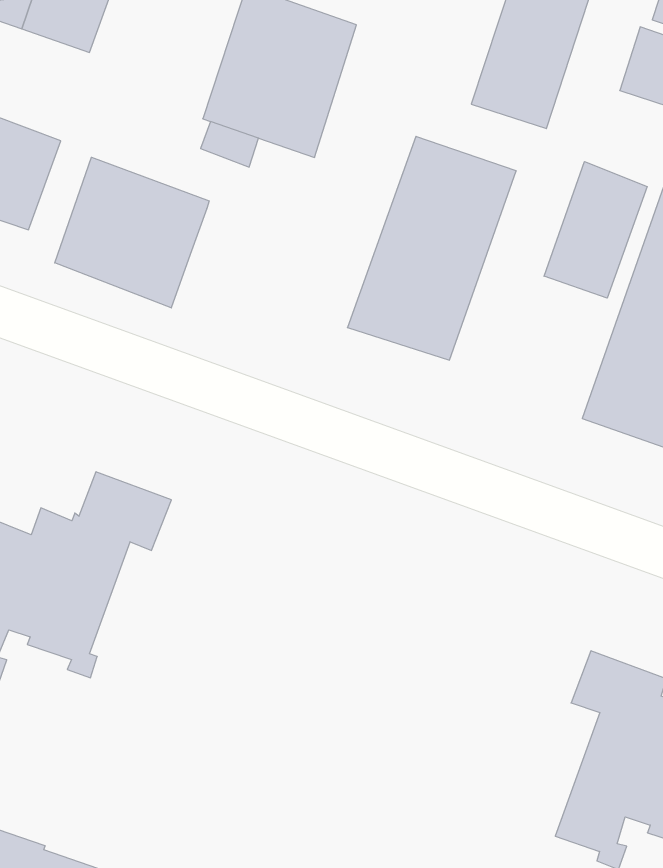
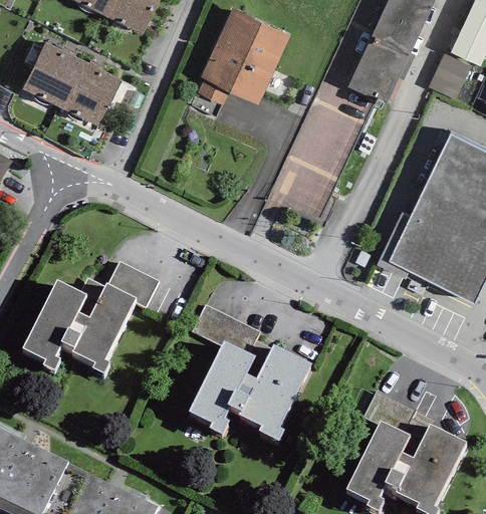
building: [55,157,209,308] -> none
building: [544,162,647,298] -> none
building: none -> [188,305,310,441]

